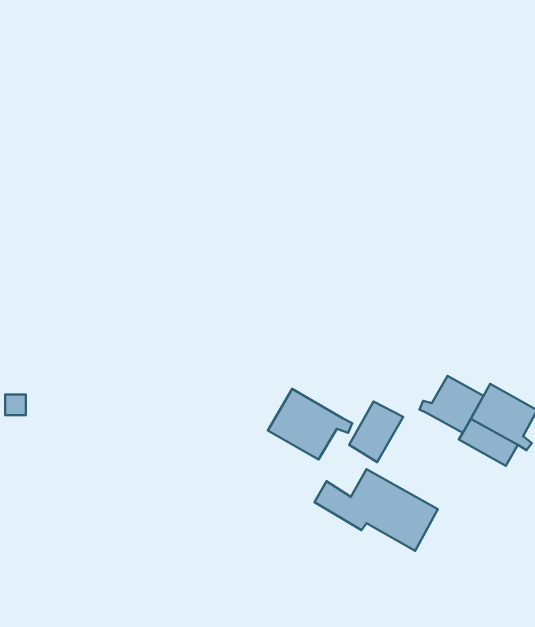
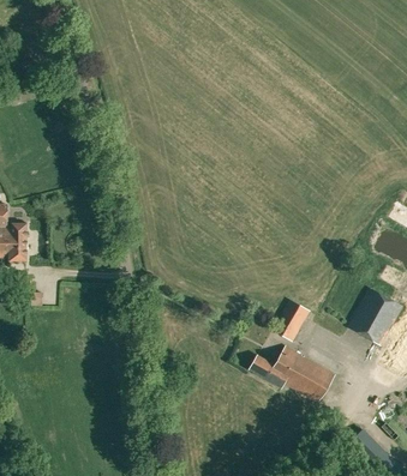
building: [420,376,483,433] -> none
building: [268,389,352,460] -> none

